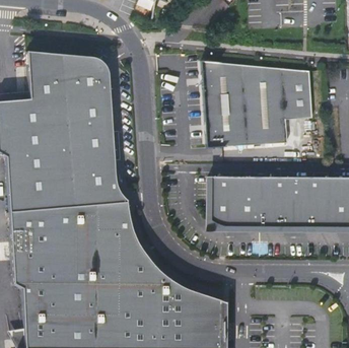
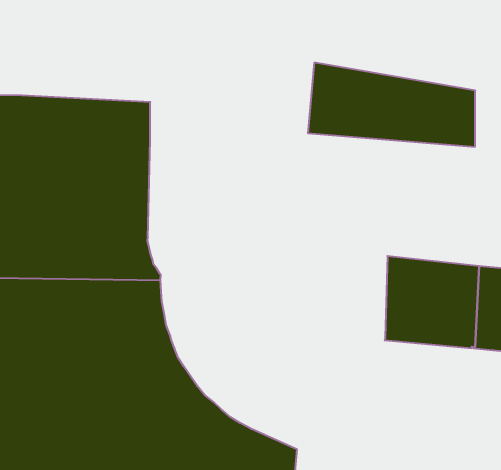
building: [26,50,110,97] -> none
building: [208,103,312,146] -> none
building: [208,176,267,227] -> none

